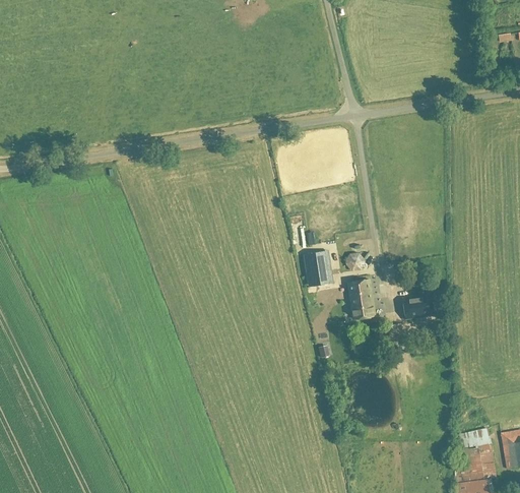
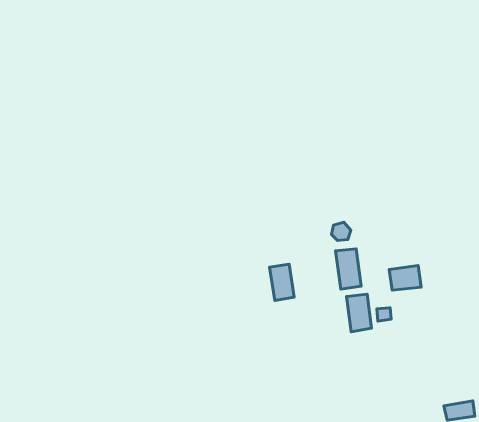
building: [307,250,331,286] -> [270,264,294,300]
building: none -> [346,294,372,332]

